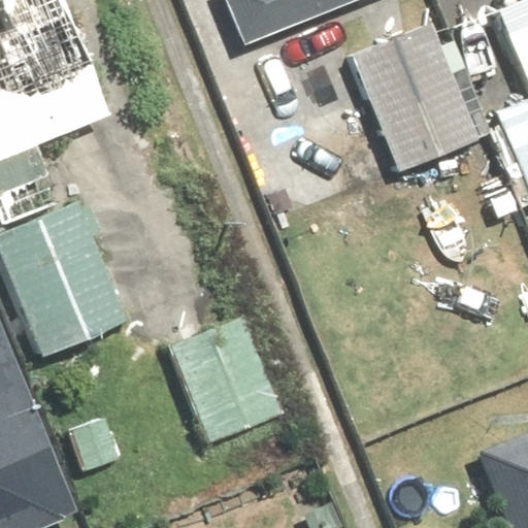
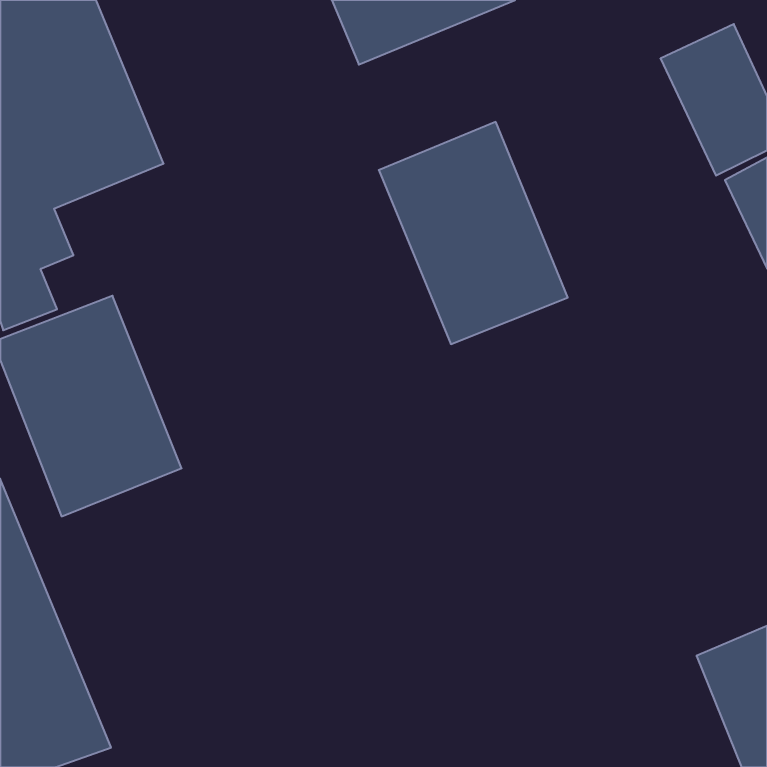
building: [349,21,478,173] -> [379,122,568,344]
building: [170,320,280,444] -> none

